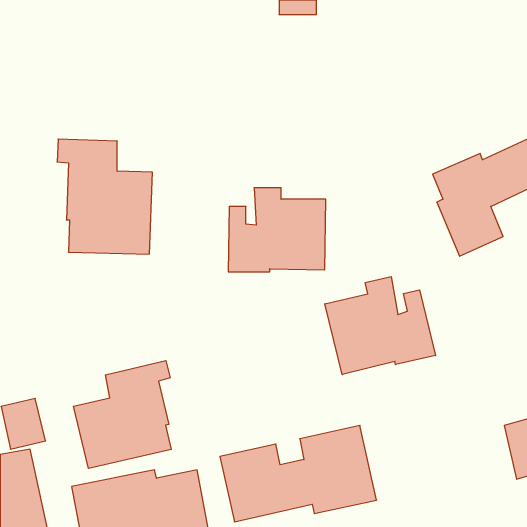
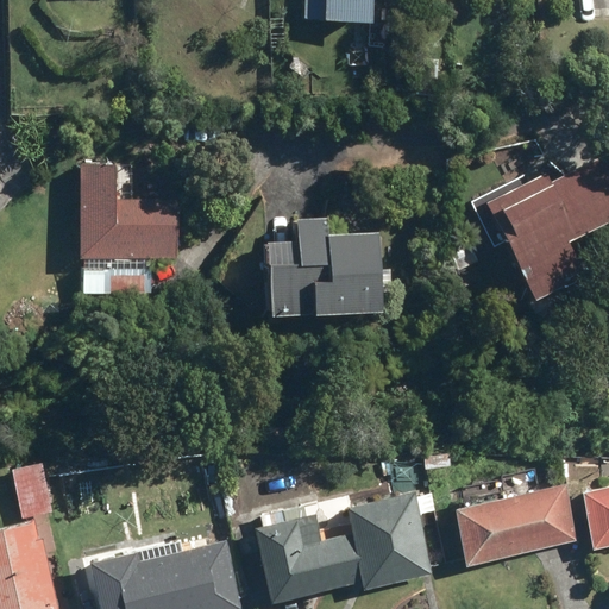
building: [325,277,435,375] -> none
building: [74,361,171,468] -> none
building: none -> [447,471,571,569]

